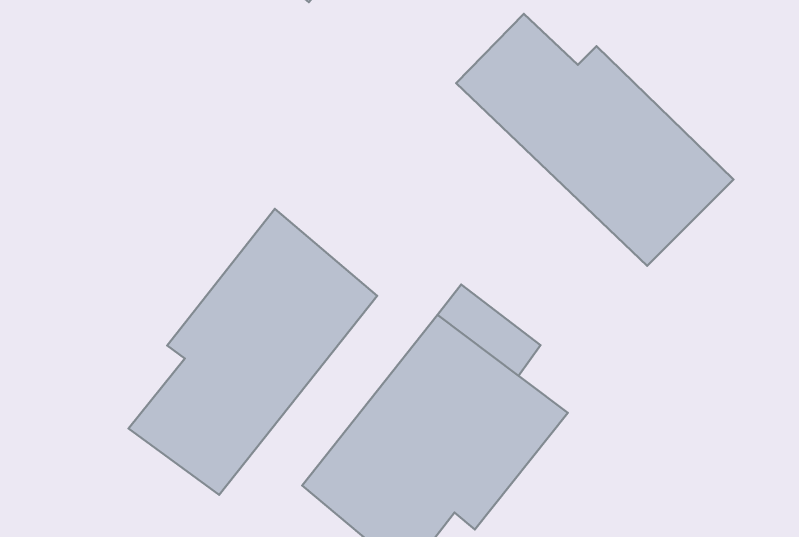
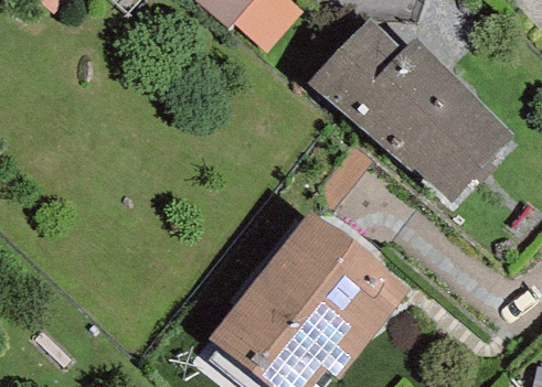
building: [128,209,377,495] -> none

